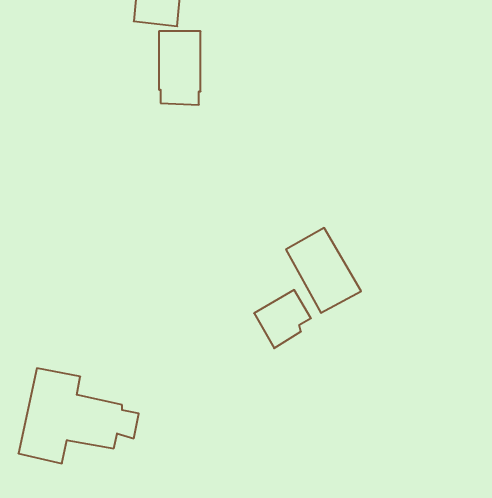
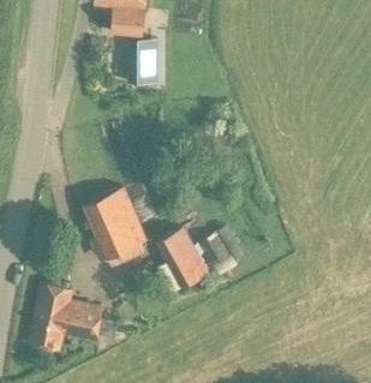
building: [286,228,361,313] -> [156,227,210,288]
building: none -> [85,187,149,258]

